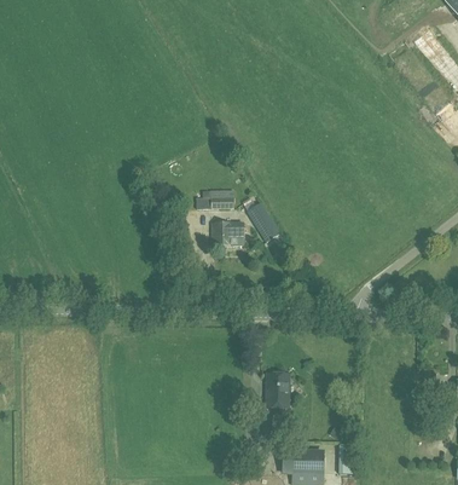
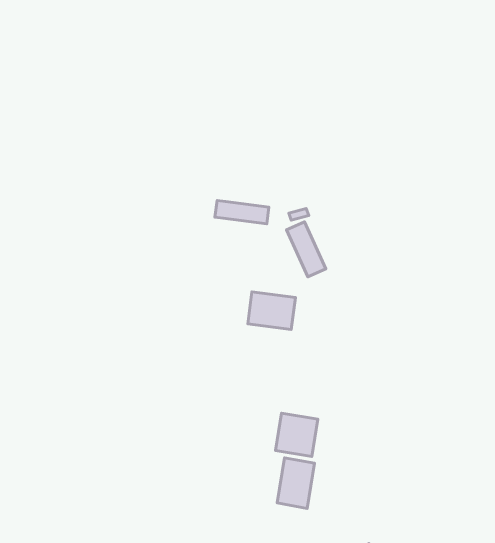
building: [211,221,243,244] -> [248,292,295,329]
building: none -> [276,413,318,457]

